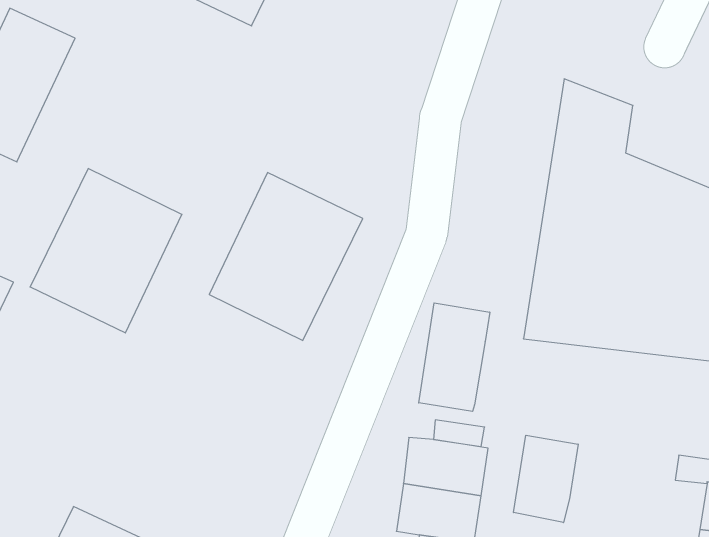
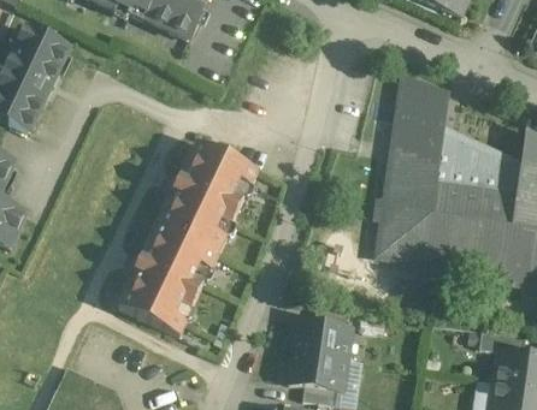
building: [30,169,182,333] -> [119,222,223,334]
building: [419,303,490,411] -> none
building: [514,435,578,523] -> none

